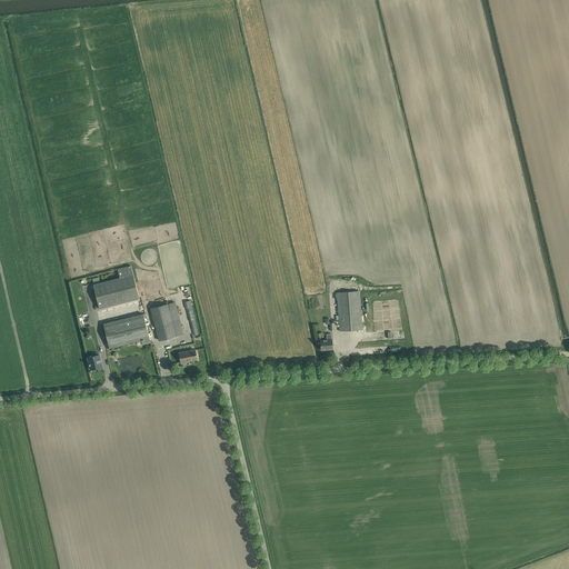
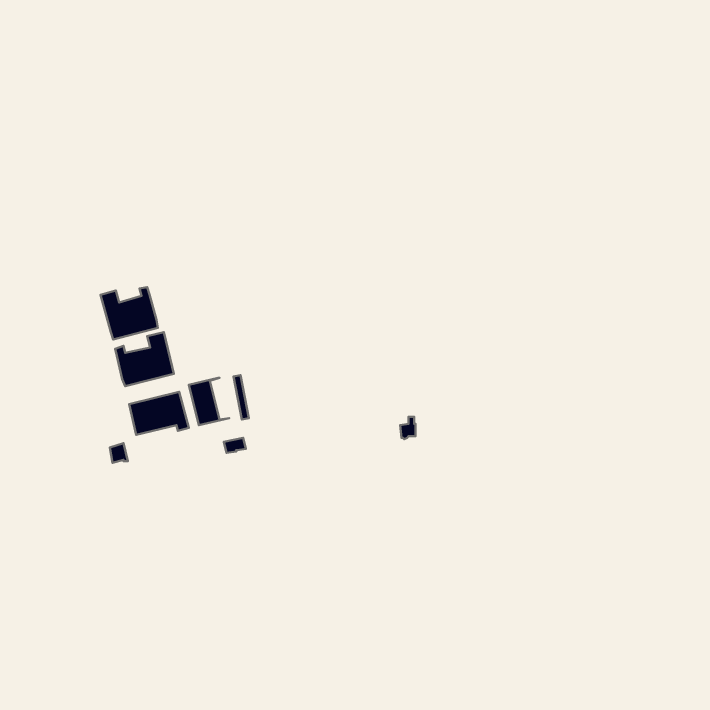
building: none -> [101,287,158,339]
building: [337,291,362,331] -> none

